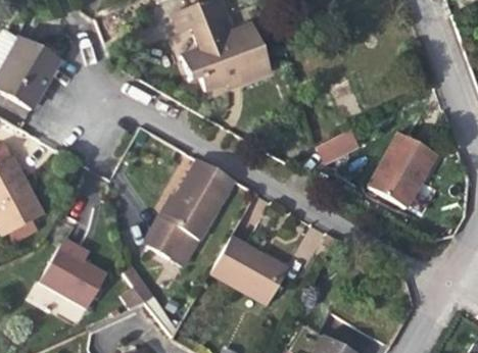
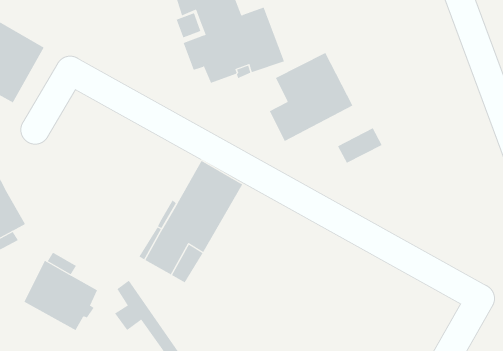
building: none -> [269,52,353,142]
building: [369,132,437,206] -> none
building: [210,236,288,304] -> none

